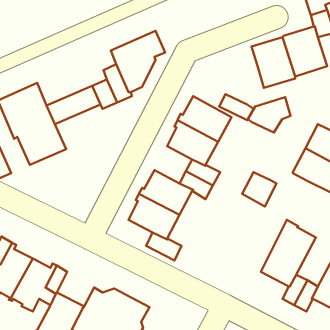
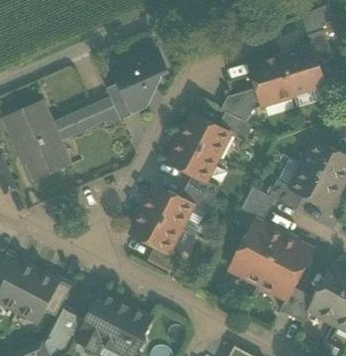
building: [248,97,290,133] -> [221,88,262,122]
building: none -> [269,181,304,210]
building: none -> [230,221,284,284]

